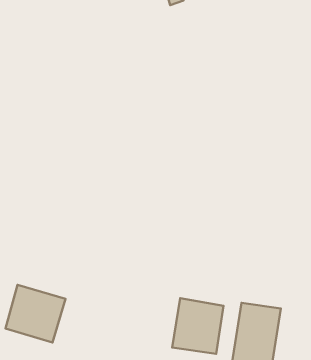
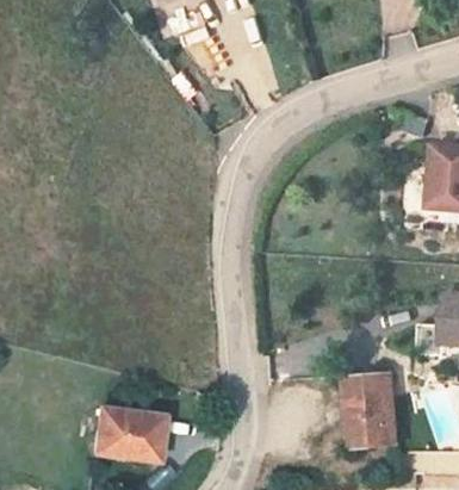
building: [172,298,224,354] -> none

